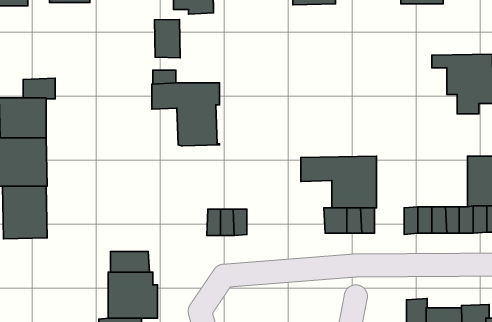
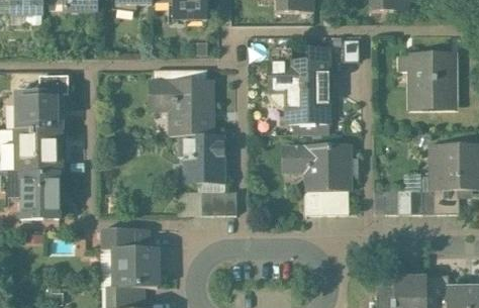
building: [155,19,180,58] -> none
building: none -> [267,47,328,134]
building: none -> [178,135,224,183]

